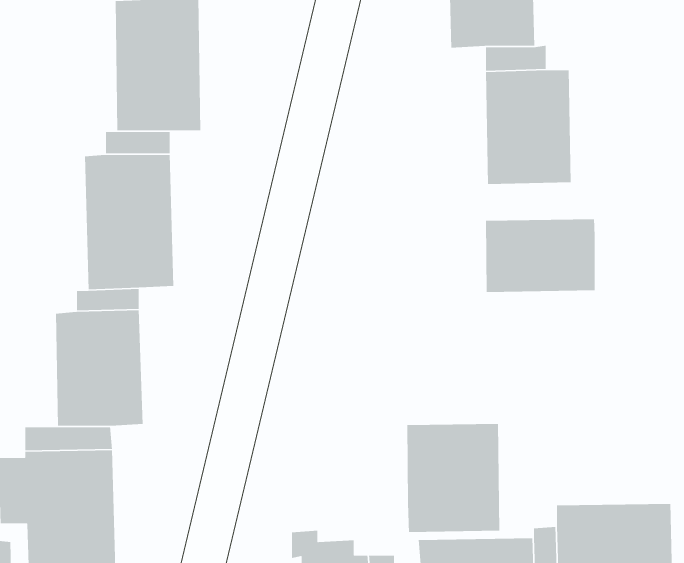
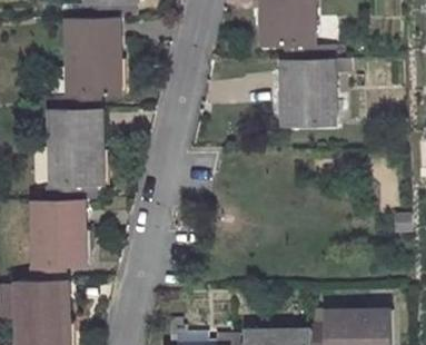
building: [485,218,596,293] -> none
building: [407,423,500,533] -> none

